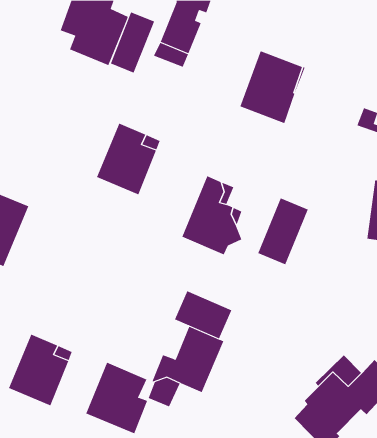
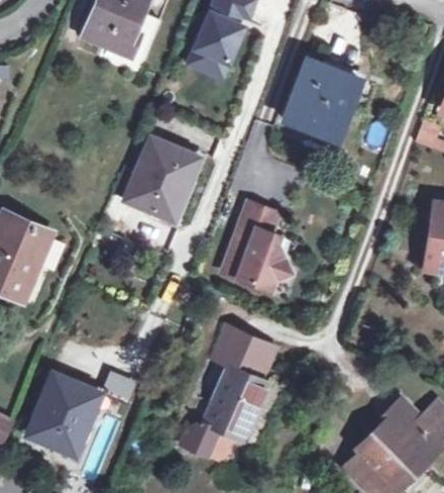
building: [110,12,155,73] -> none
building: [257,197,309,265] -> none
building: [86,362,148,434] -> none

